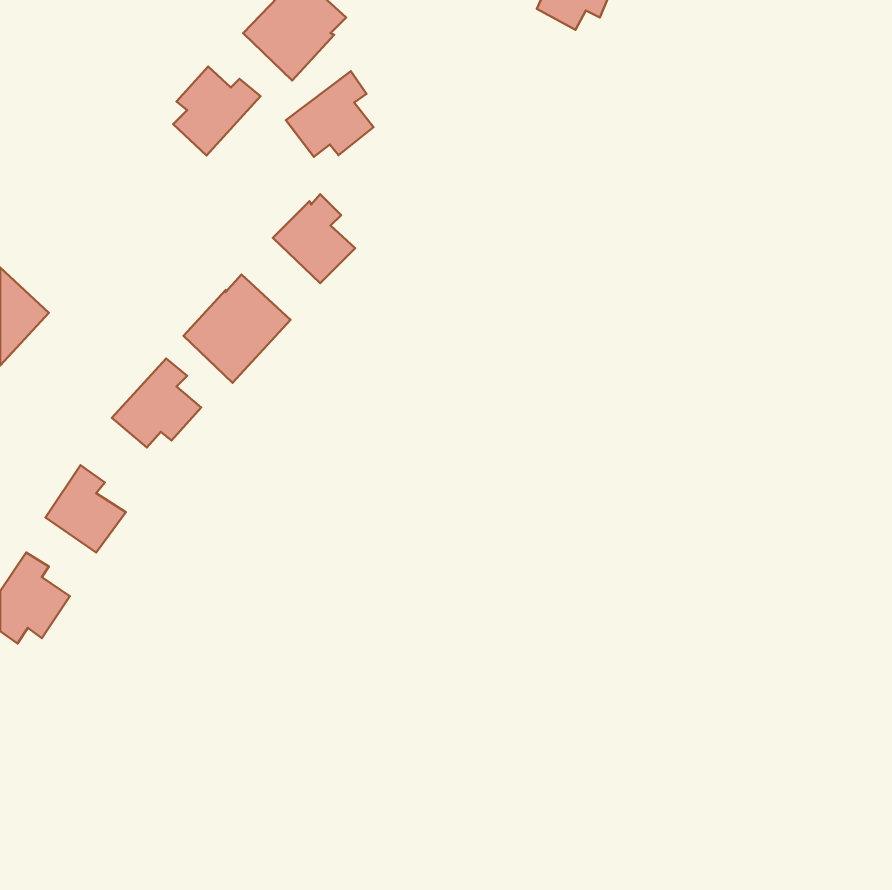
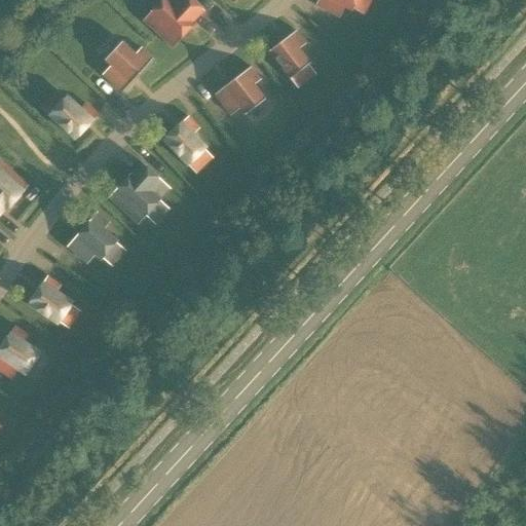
building: none -> [269,30,312,79]
building: [286,71,373,157] -> [215,65,266,115]
building: none -> [48,95,100,141]

